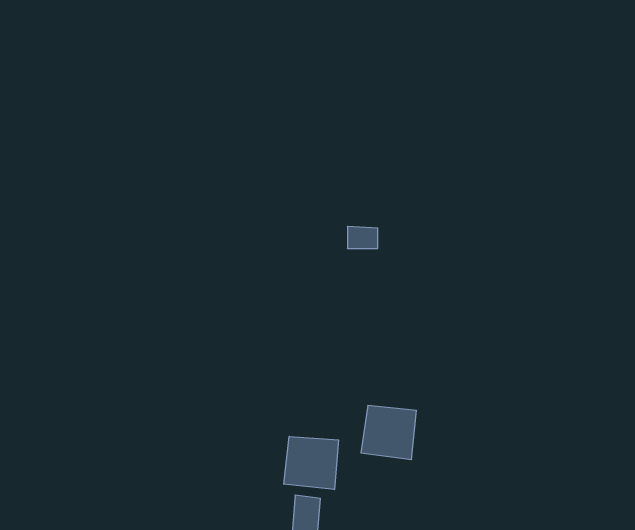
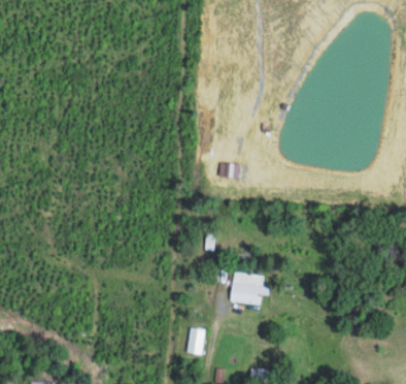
building: [284,436,338,490] -> none

